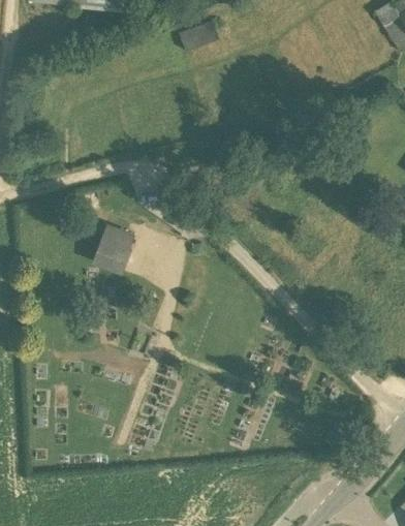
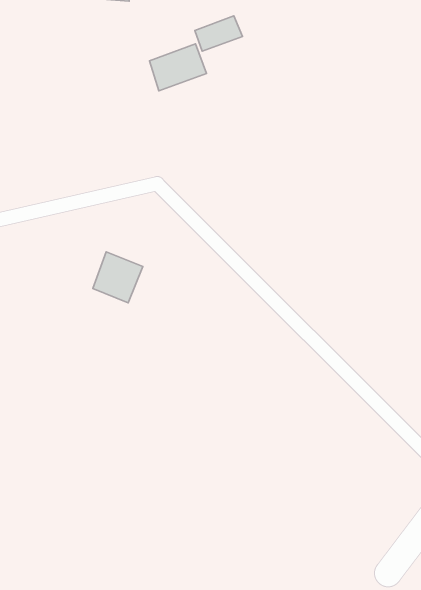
building: none -> [150,44,206,91]

